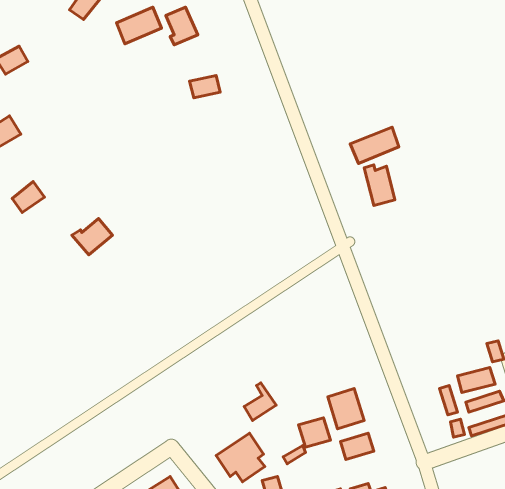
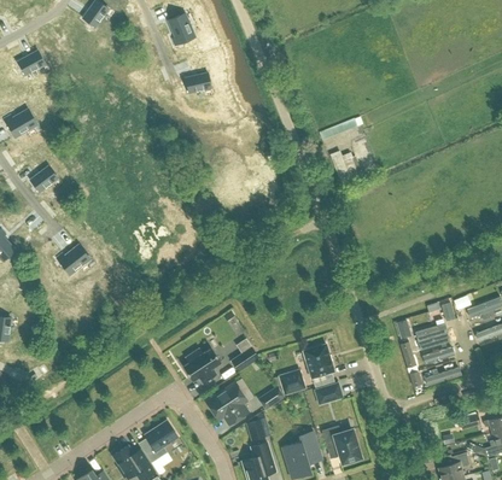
building: [116,7,161,44] -> none
building: [72,219,112,255] -> [56,244,91,275]
building: none -> [180,347,221,384]

